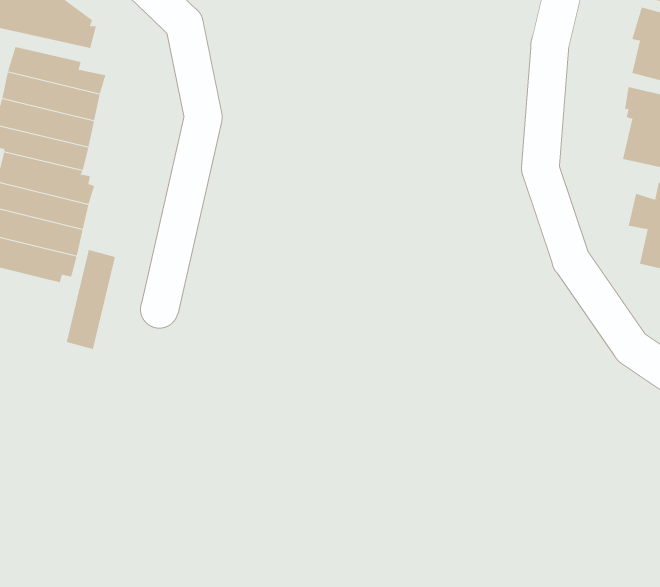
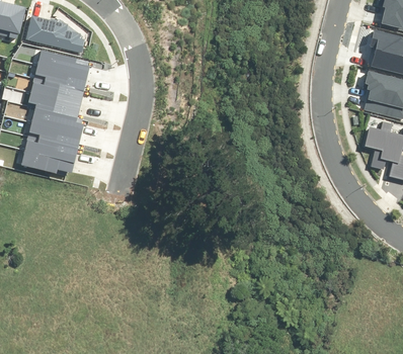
building: [66,249,116,350] -> none

